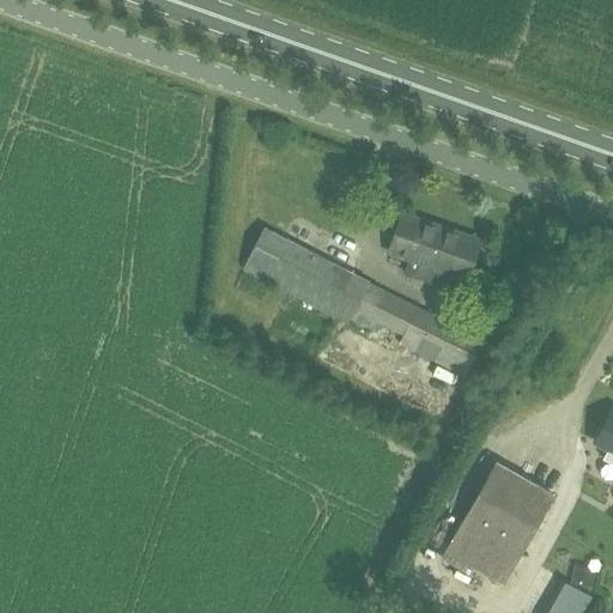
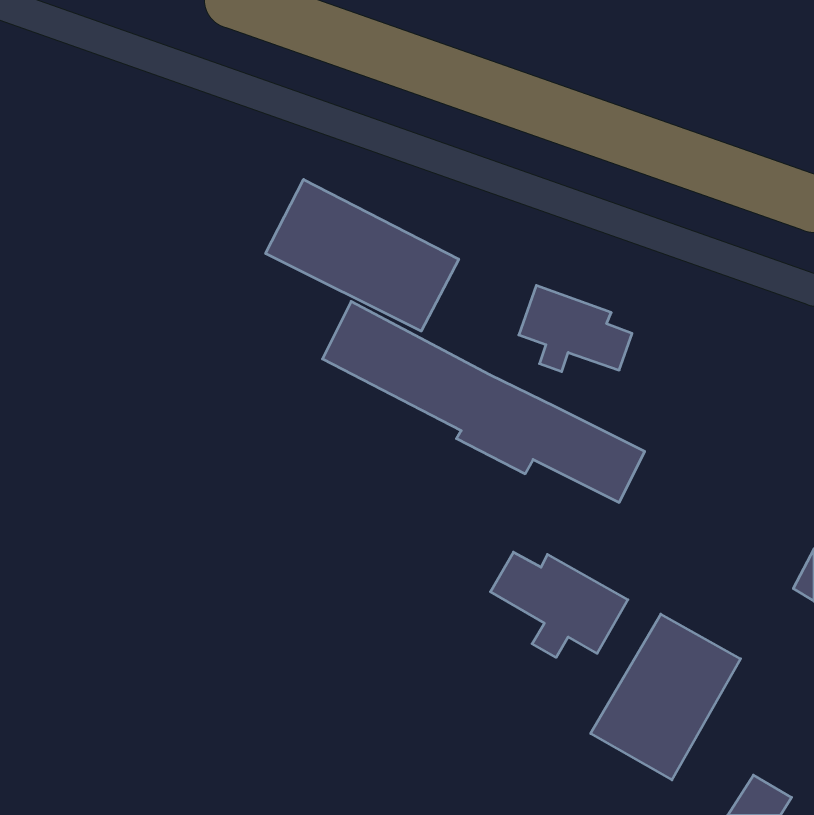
building: none -> [266,179,459,331]
building: none -> [490,552,628,657]

